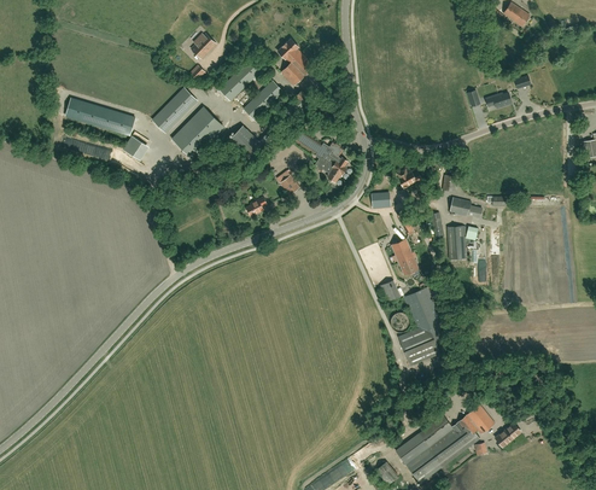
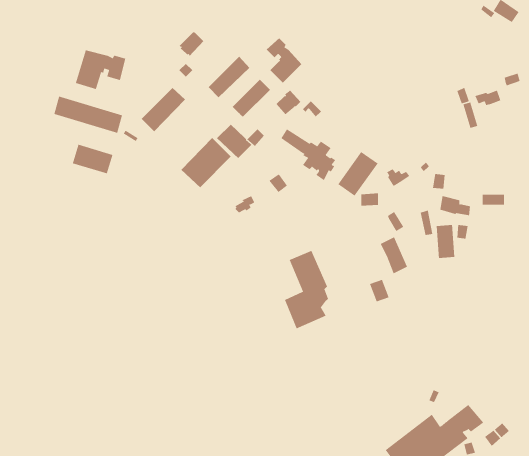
building: none -> [75,50,126,90]
building: [173,107,223,158] -> [181,137,232,188]
building: none -> [72,144,113,174]
building: none -> [338,151,378,197]
building: [398,287,443,366] -> [284,250,329,329]

